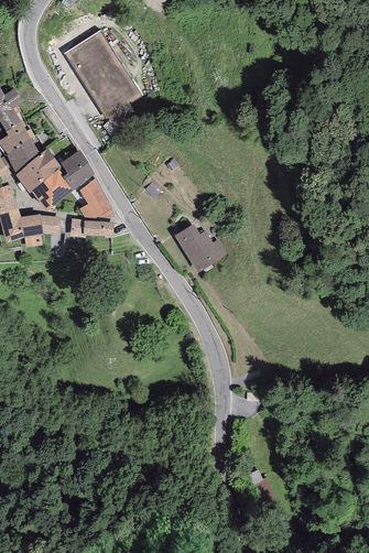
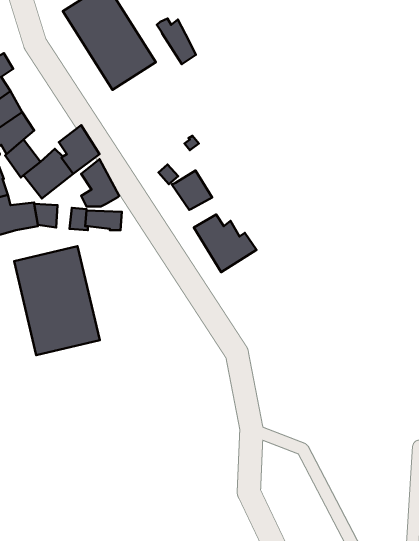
building: none -> [157,18,196,64]
building: [31,149,61,180] -> none
building: none -> [172,171,212,210]
building: none -> [14,246,100,355]

